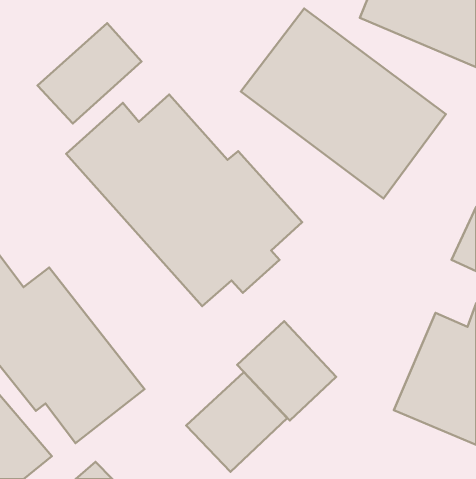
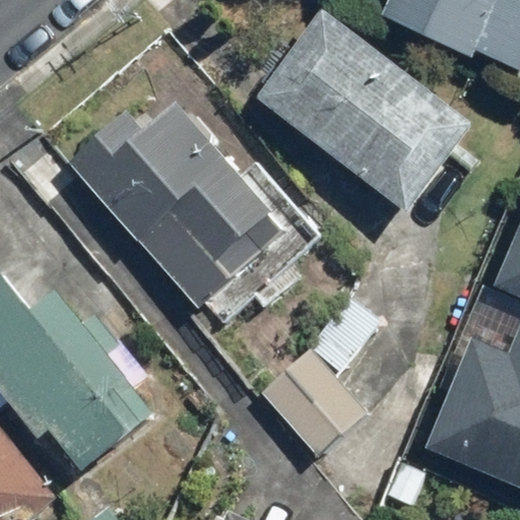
building: [37,23,142,124] -> none
building: [186,372,287,472] -> none

